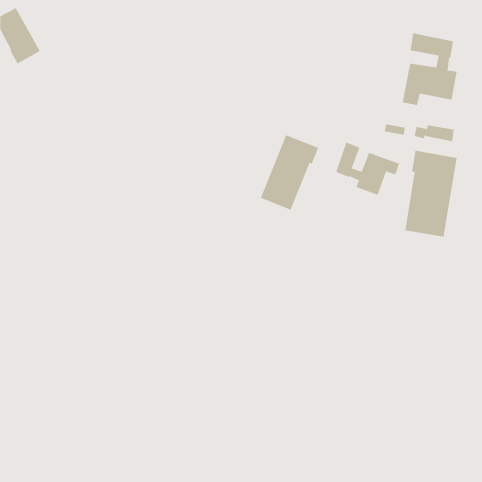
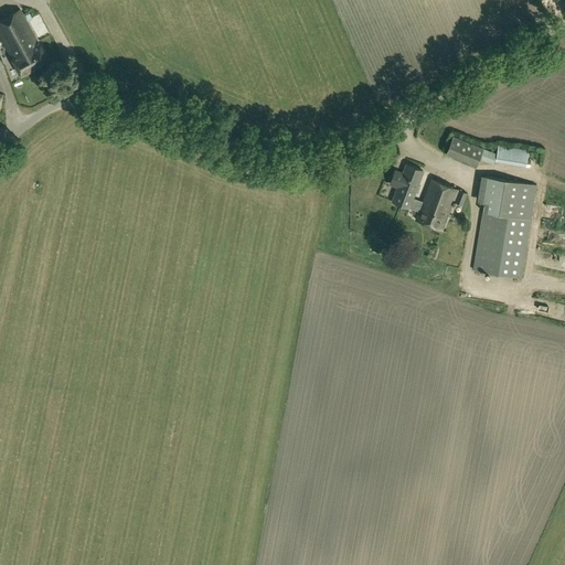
building: [402,32,457,106] -> none
building: [260,134,319,211] -> none

